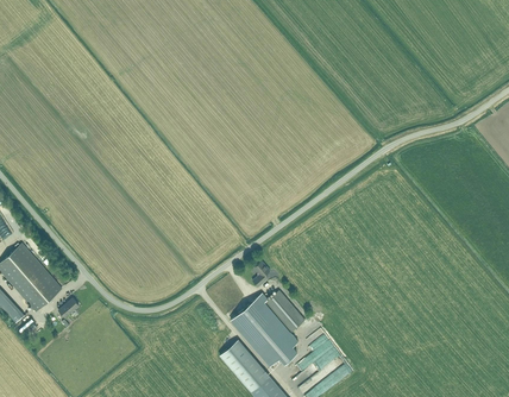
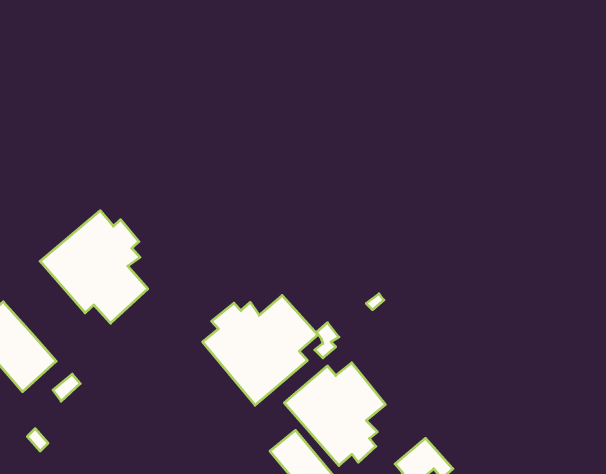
building: none -> [40,211,148,323]
building: none -> [203,295,318,405]

